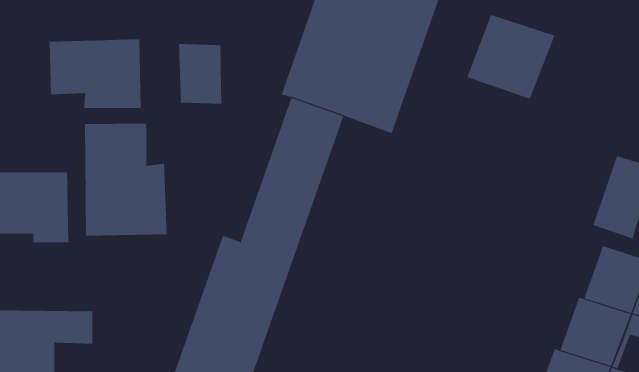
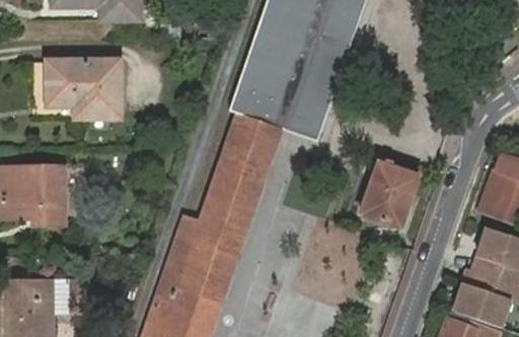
building: [466,14,555,99] -> none
building: [178,43,222,104] -> none
building: [84,123,167,236] -> none
building: none -> [360,164,417,228]

